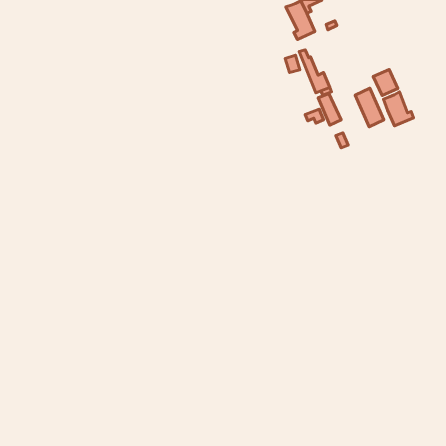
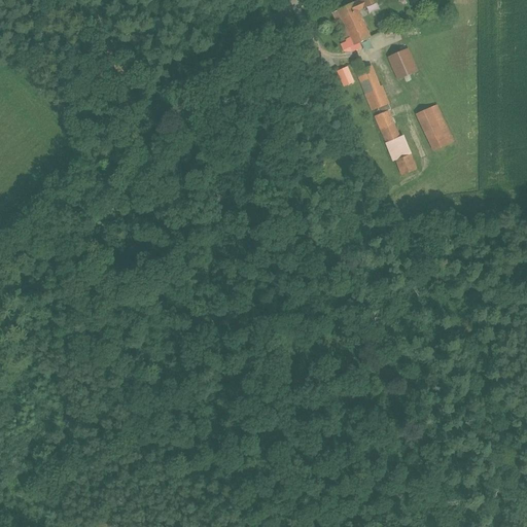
building: [373,69,398,96] -> [388,47,417,78]
building: [384,92,414,126] -> none

